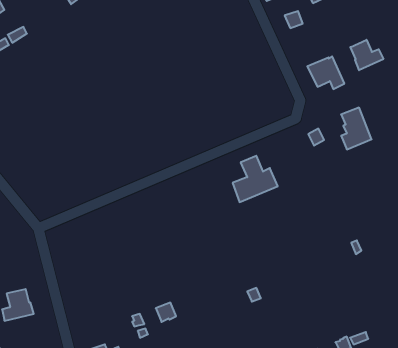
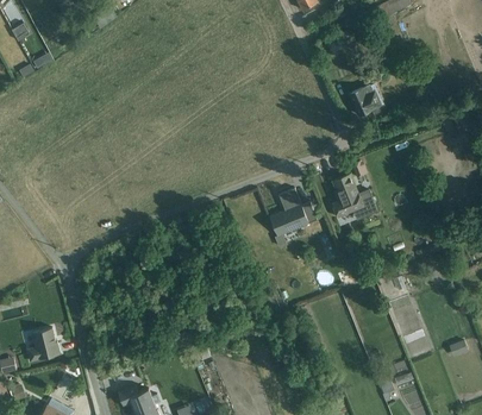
building: [350,40,383,70] -> none
building: [341,108,372,149] -> [331,174,363,218]

